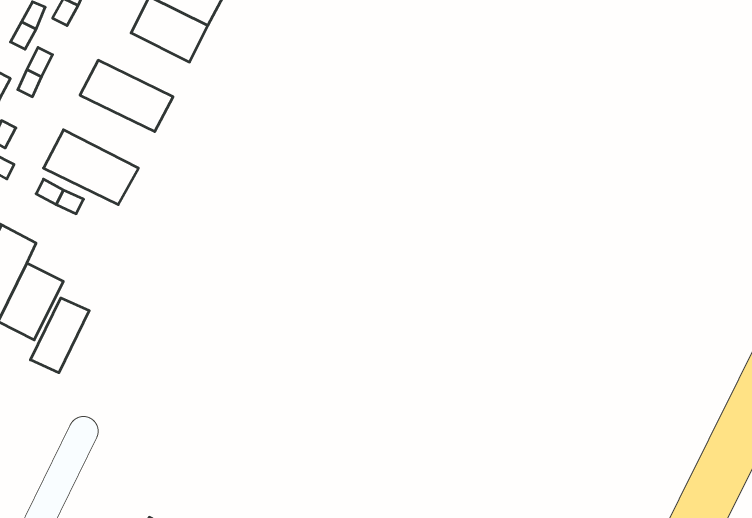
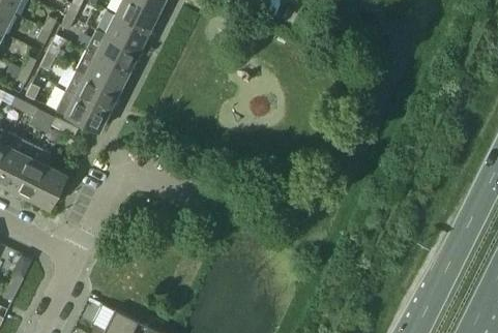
building: none -> [86,30,138,71]
building: none -> [66,70,118,112]
building: [30,298,89,373] -> none

